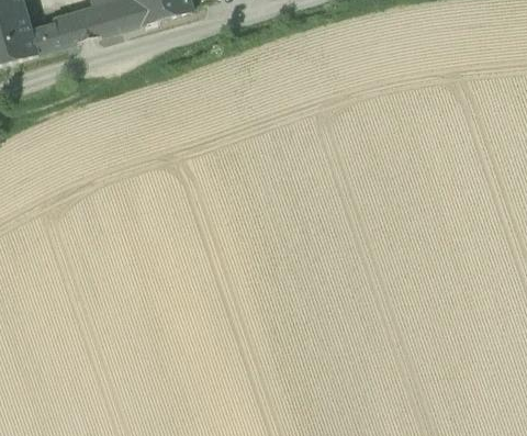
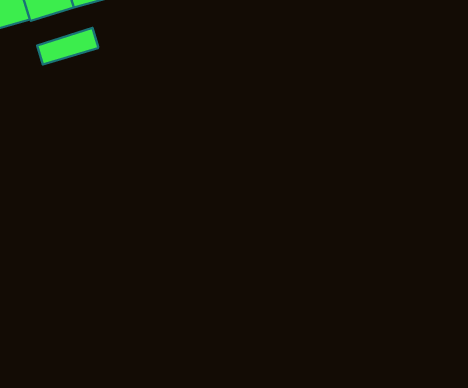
building: none -> [37,28,98,64]

